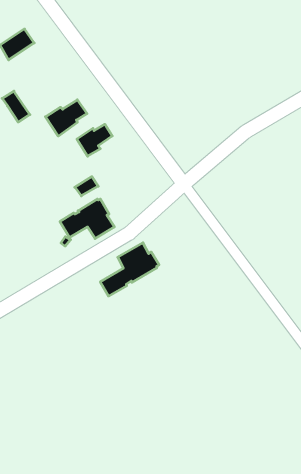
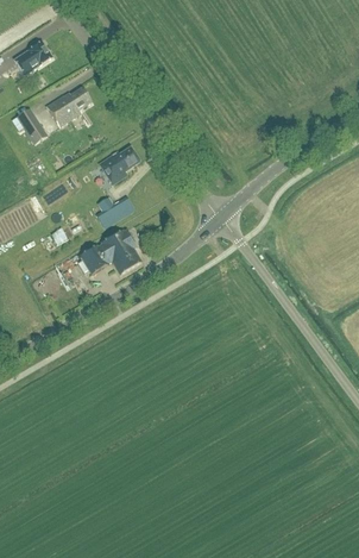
building: [45,100,87,136] -> [45,87,92,127]
building: [100,243,159,296] -> none

